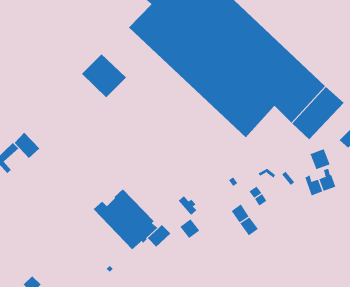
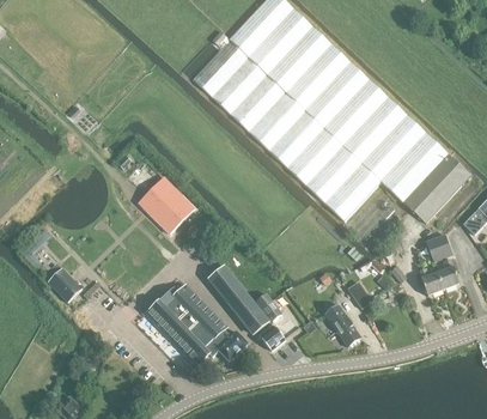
building: [81,53,127,98] -> [138,176,196,233]
building: [14,132,40,159] -> [48,267,81,302]
building: none -> [208,266,268,333]

